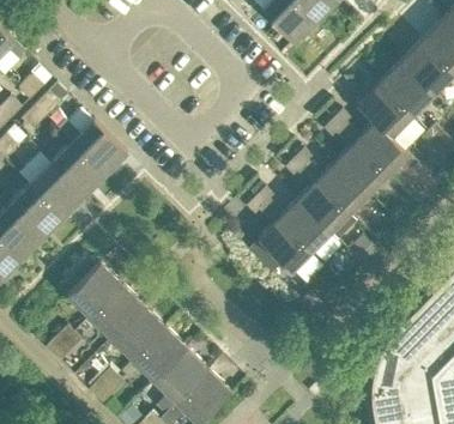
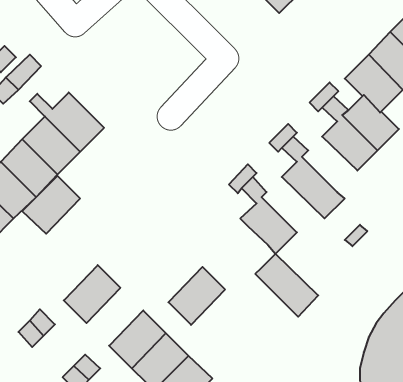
building: [315,160,368,213] -> none
building: [277,199,337,259] -> [255,254,318,317]
building: [66,261,121,316] -> [22,176,80,234]
building: [110,304,164,359] -> [168,267,225,325]

